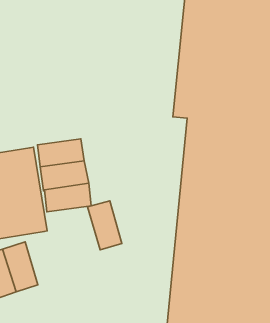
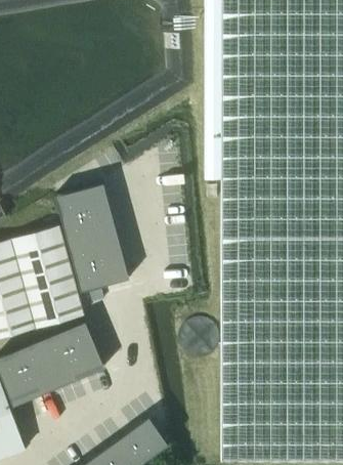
building: none -> [55,188,109,224]
building: [87,201,122,250] -> [59,322,100,376]

